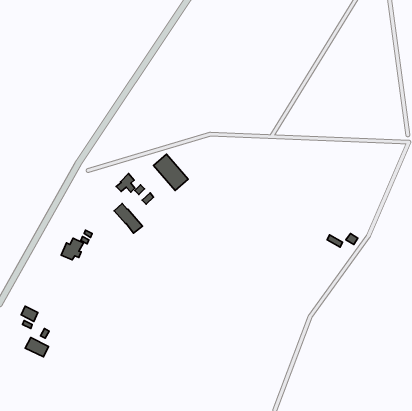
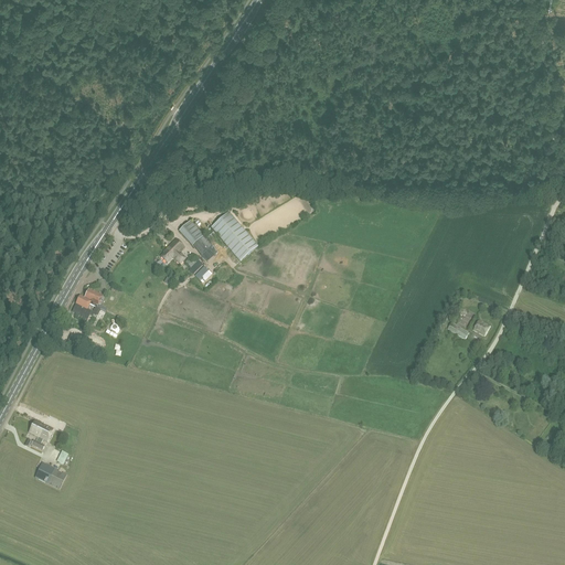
building: [114,203,142,233] -> [179,220,217,260]
building: [61,238,84,260] -> [72,288,103,318]

